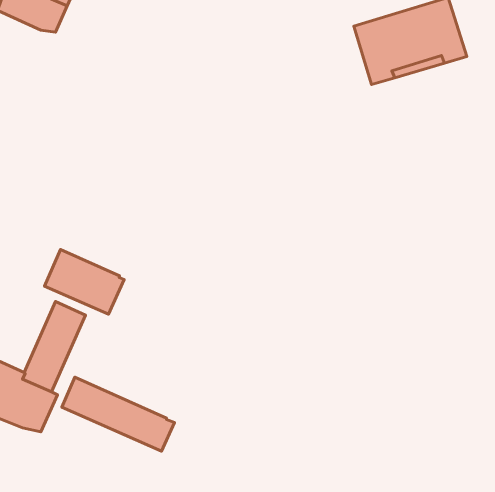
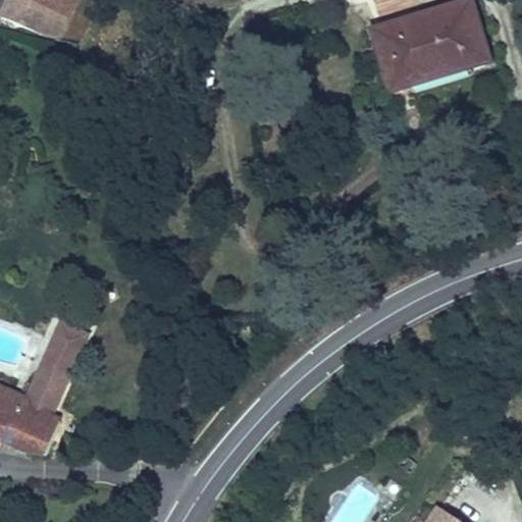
building: [45,250,124,314] -> none
building: [62,377,174,451] -> none

